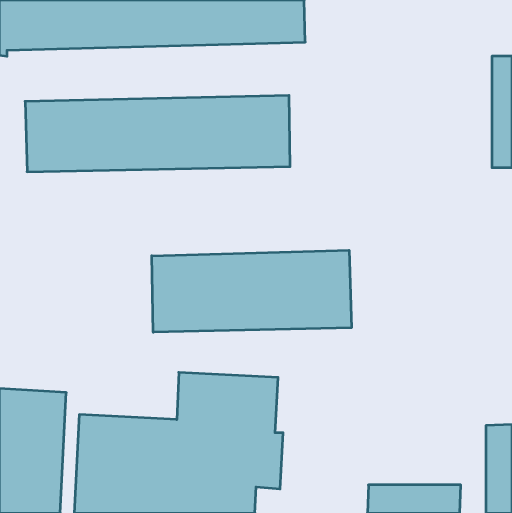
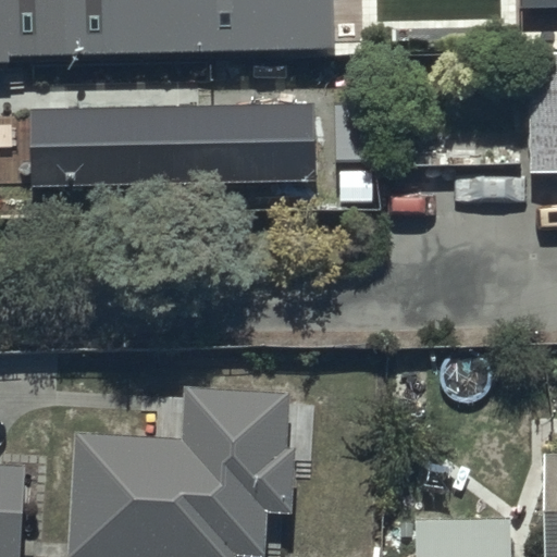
building: [152,250,351,332] -> none

